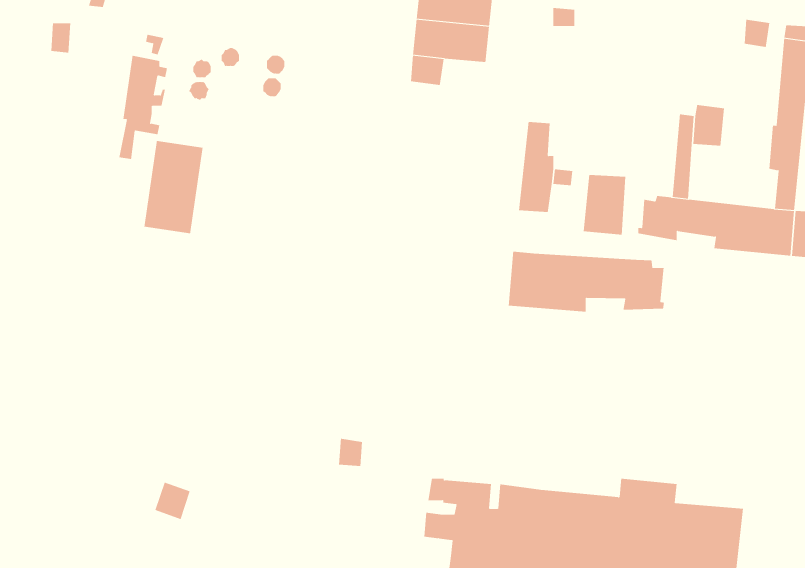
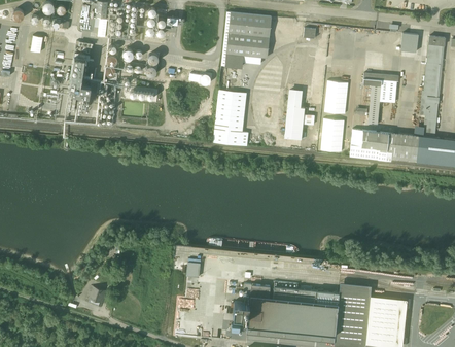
building: none -> [323,80,347,113]
building: none -> [213,90,246,144]
building: [144,140,203,234] -> none
building: [508,251,665,312] -> none

